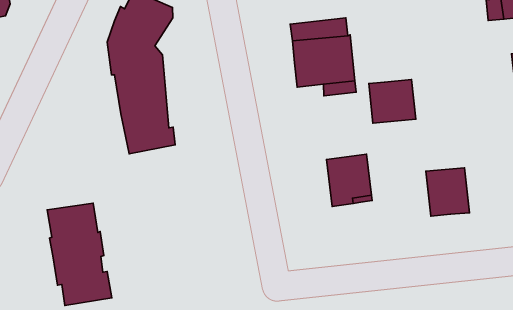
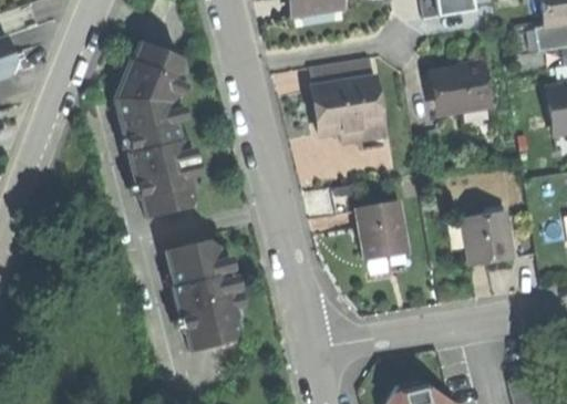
building: [369,80,416,123] -> [435,63,487,112]
building: [47,203,112,305] -> [167,240,241,351]

